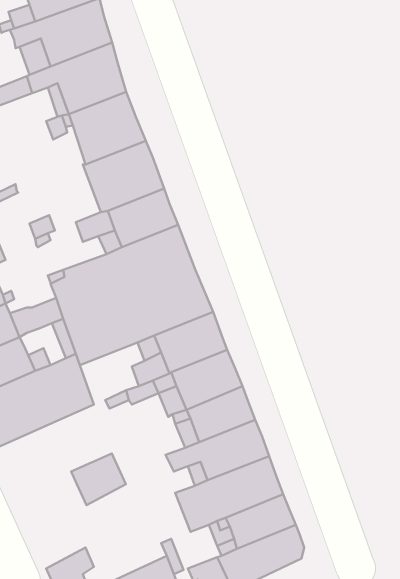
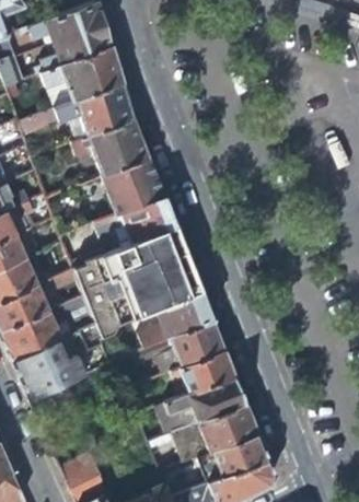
building: [71,453,126,505] -> [59,451,102,491]

